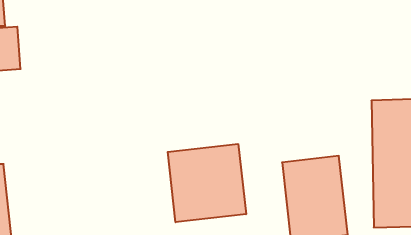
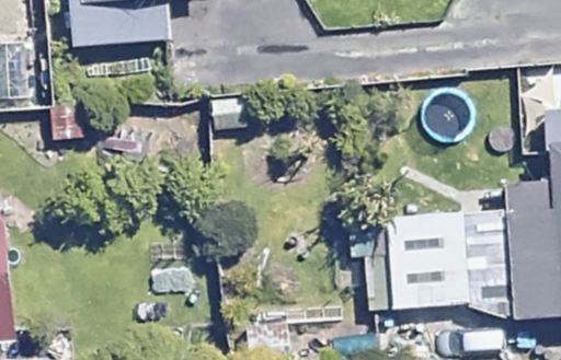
building: [168,144,246,222] -> none

